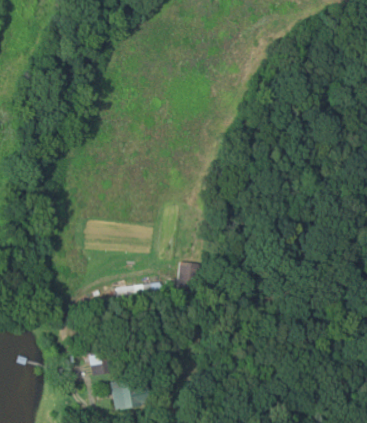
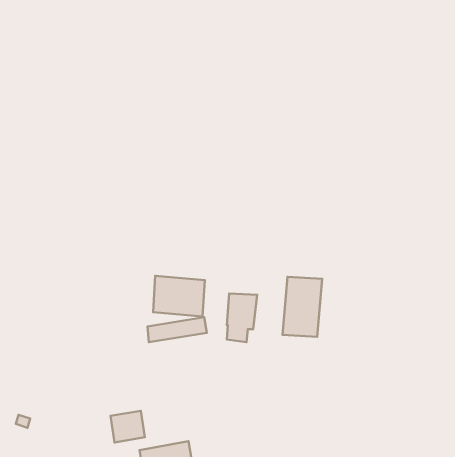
building: none -> [153,276,205,316]
building: none -> [283,277,322,337]

